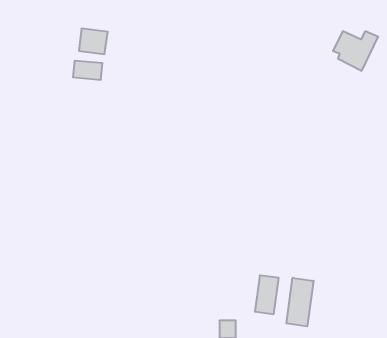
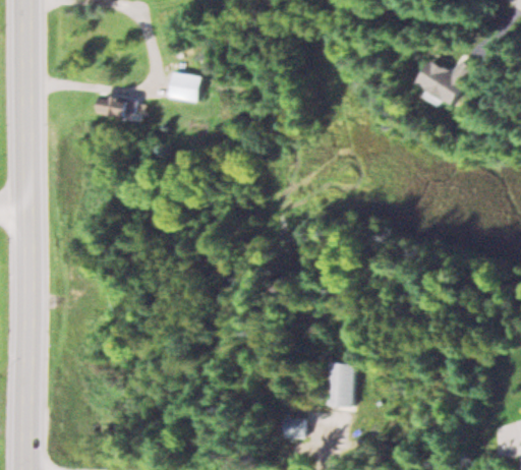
building: [79,29,108,54] -> [168,71,204,103]
building: [286,278,314,326] -> none

